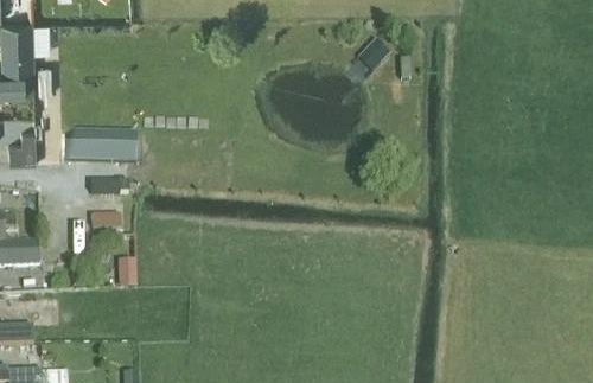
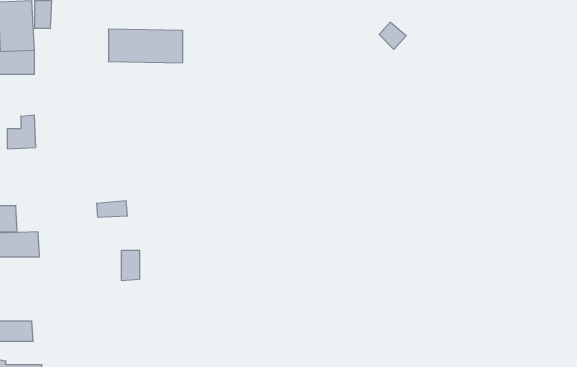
building: [63,130,134,162] -> [108,29,183,63]

